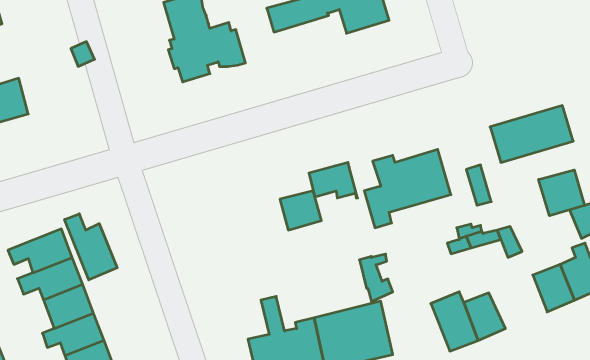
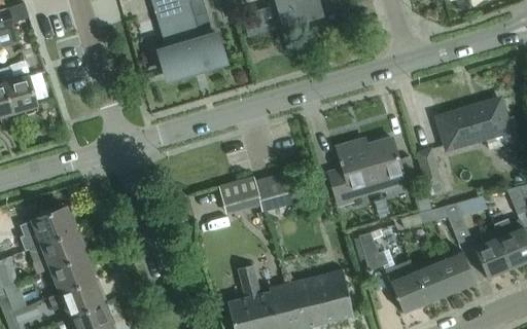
building: [309,162,358,198] -> [221,177,264,208]
building: [539,170,584,216] -> none
building: [65,214,117,280] -> none
building: [359,254,393,301] -> [359,230,388,271]
building: none -> [437,251,477,293]

